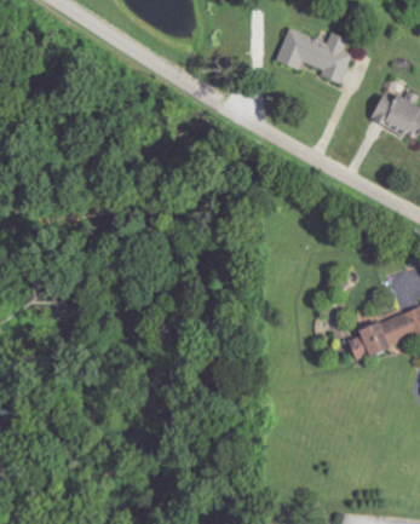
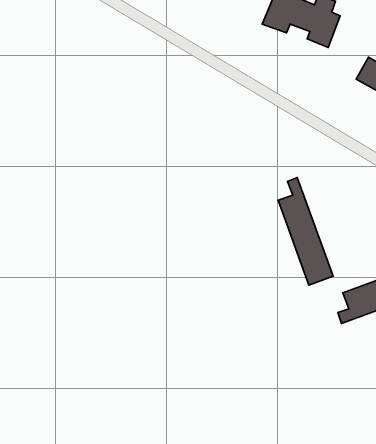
building: none -> [278,177,333,285]

